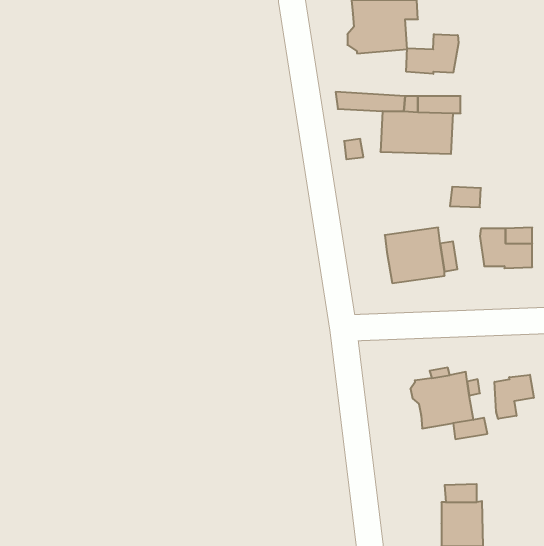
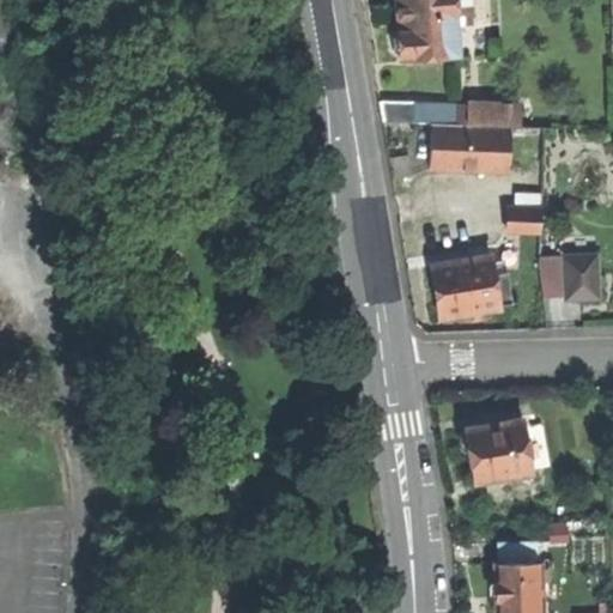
building: [406,34,459,74] -> none
building: [495,375,534,419] -> none

